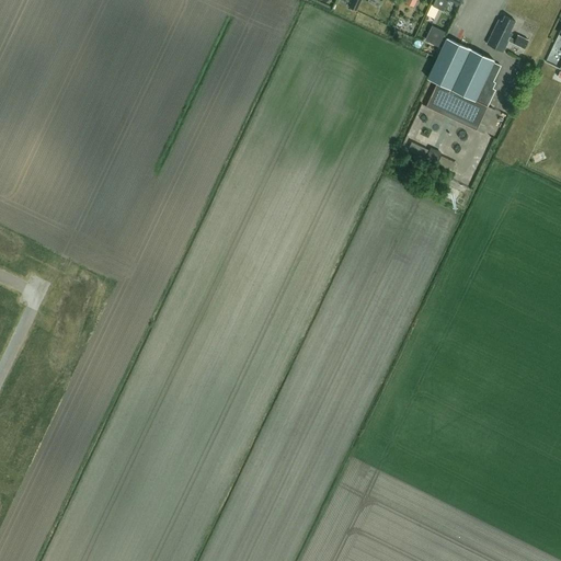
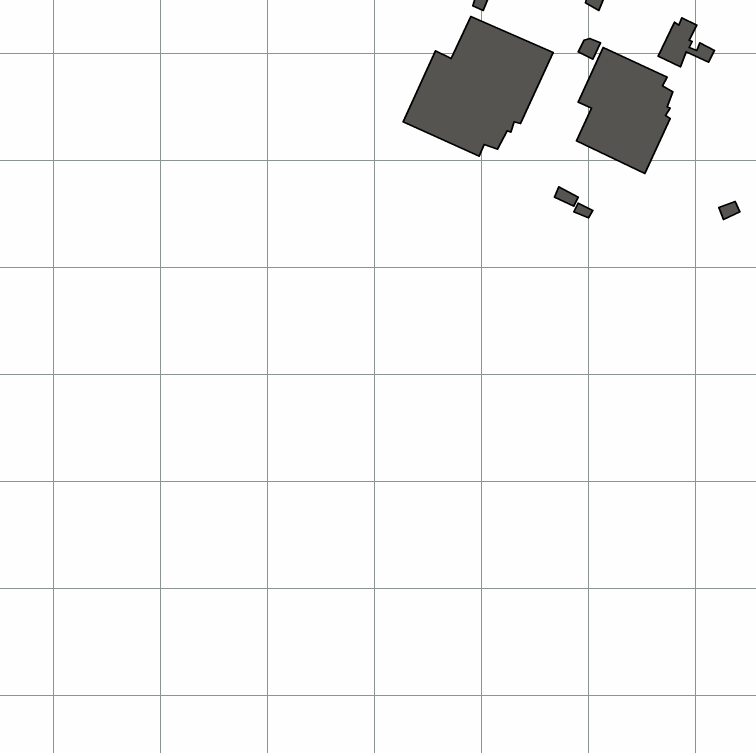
building: none -> [403,16,553,156]

